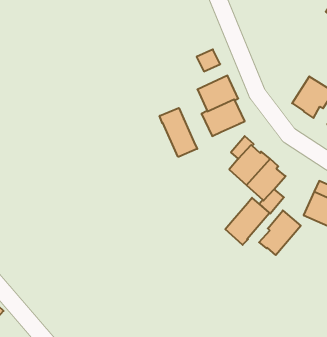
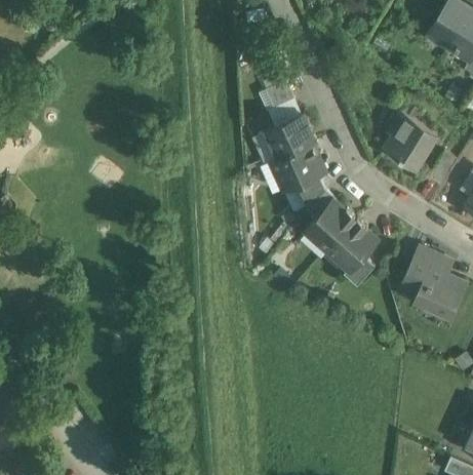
building: [160,108,197,157] -> none
building: none -> [294,175,324,211]
building: [225,198,269,245] -> none
building: [259,210,301,255] -> none

